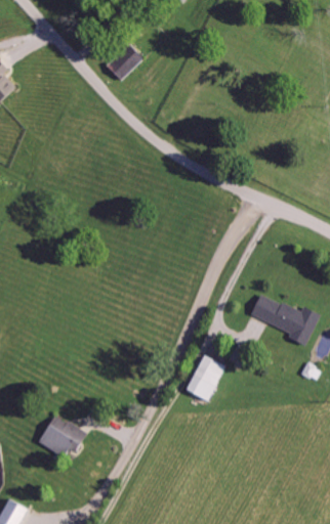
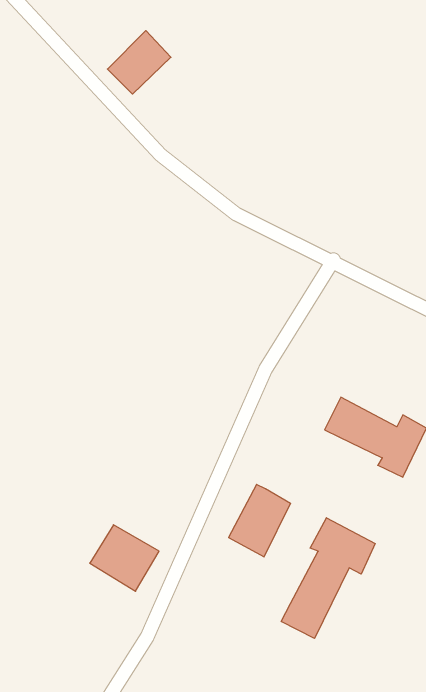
building: none -> [281,518,375,638]
building: [40,413,88,460] -> [90,525,159,591]

